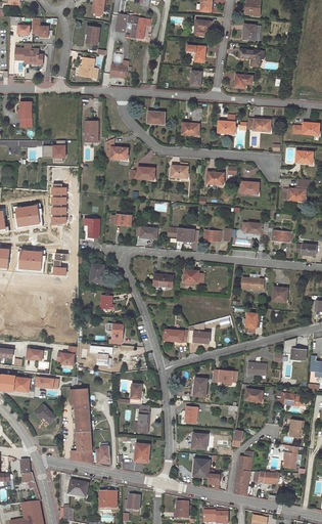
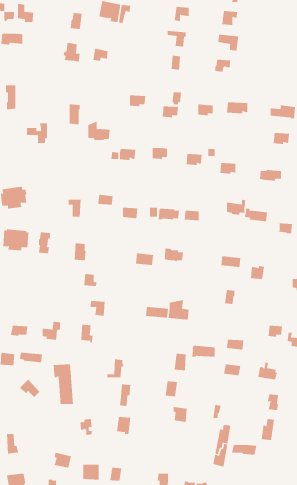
building: [51,184,65,224] -> none
building: [71,431,92,463] -> none
building: [192,458,220,484] -> none

